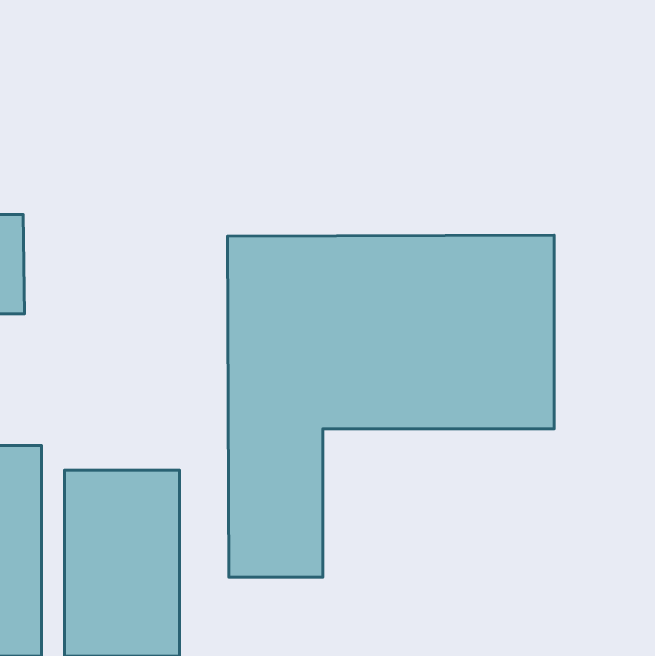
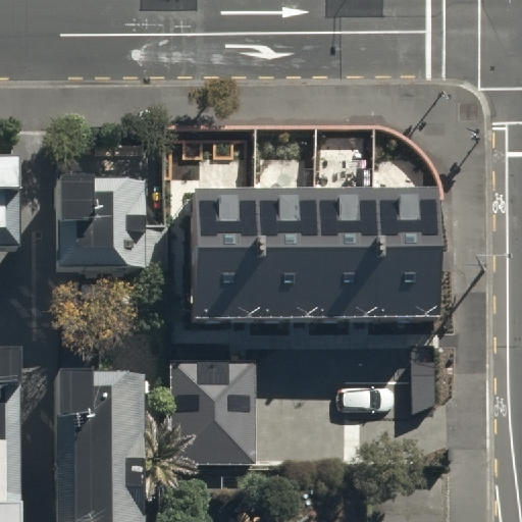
building: none -> [60,184,147,270]

